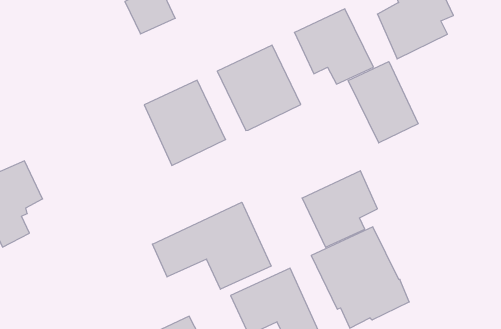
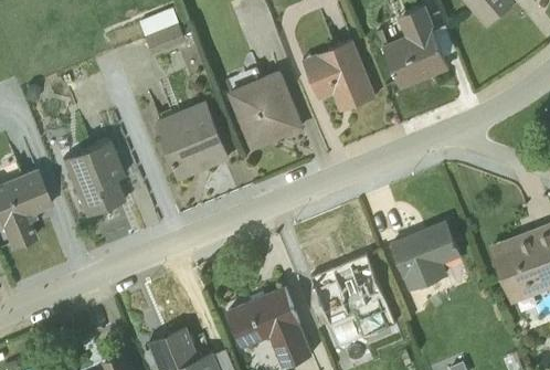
building: [348,62,418,143] -> none
building: none -> [60,140,124,218]
building: [302,171,377,247] -> [389,219,461,290]
building: [152,202,271,289] -> none

